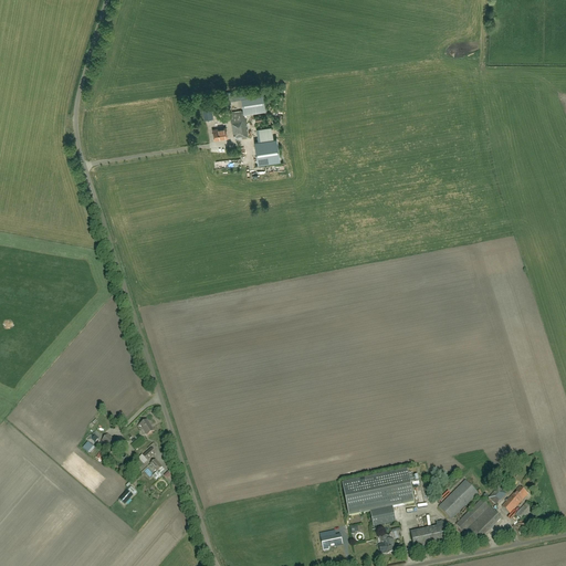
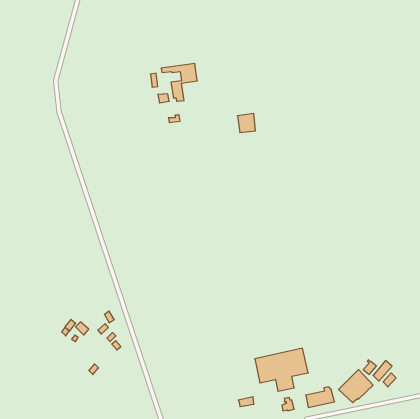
building: [255,136,280,161] -> [237,113,255,132]
building: [438,479,479,518] -> none

